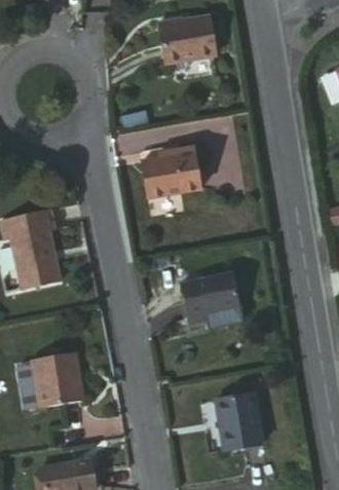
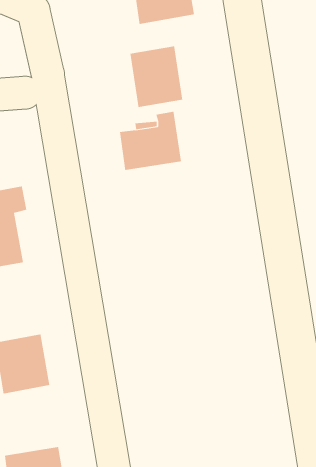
building: none -> [130,46,183,108]
building: [183,277,243,330] -> none
building: [217,397,263,454] -> none

